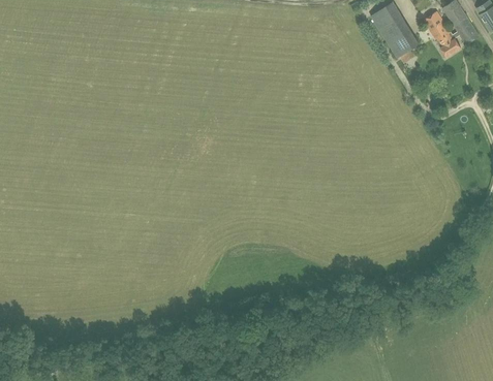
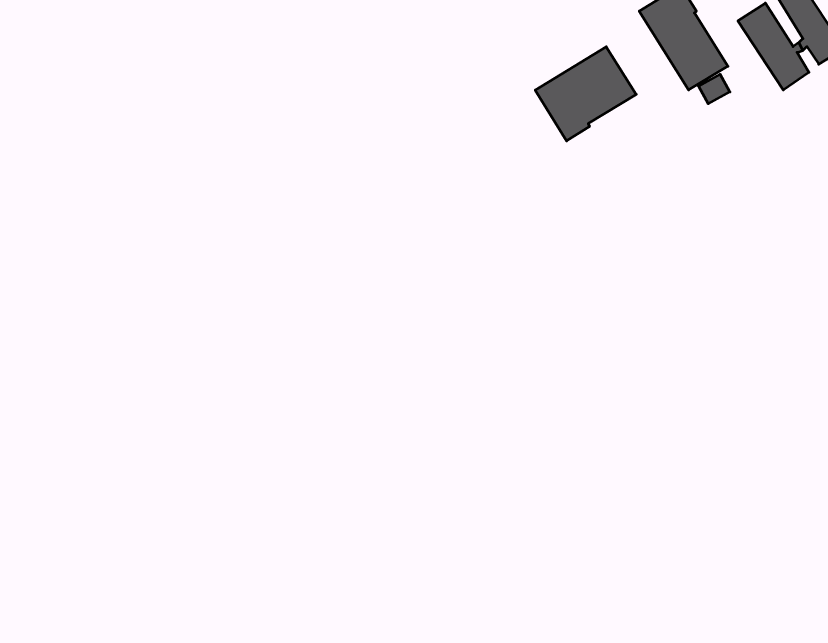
building: none -> [535,47,636,141]

